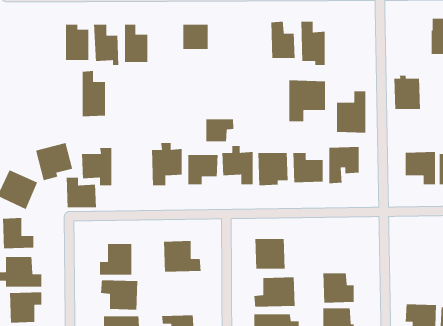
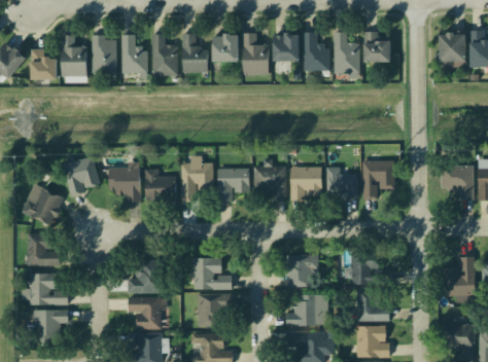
building: none -> [362,32,390,63]
building: none -> [242,33,269,75]
building: none -> [182,34,208,72]
building: none -> [273,34,299,62]
building: none -> [30,49,57,80]
building: [82,70,106,117] -> [62,35,86,83]
building: [394,75,421,110] -> [437,31,464,67]
building: [289,80,326,122] -> none
building: [336,91,366,134] -> none
building: [206,118,234,142] -> none
building: [66,177,97,208] -> [144,169,176,201]
building: none -> [344,254,390,283]
building: none -> [440,256,475,296]
building: none -> [197,294,221,327]

